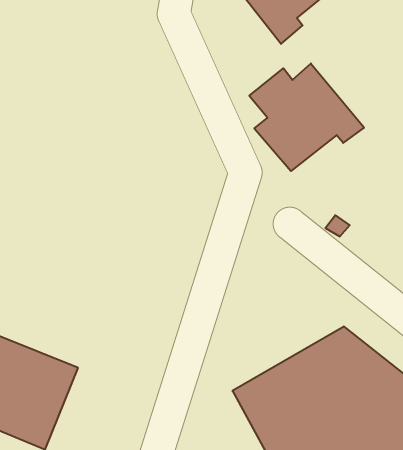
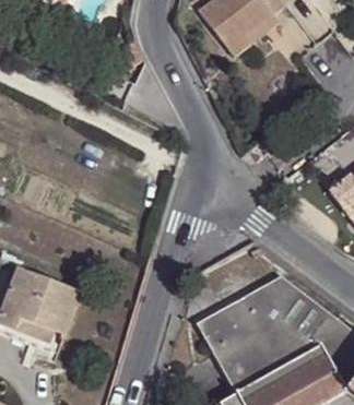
building: [249,63,364,171] -> none

